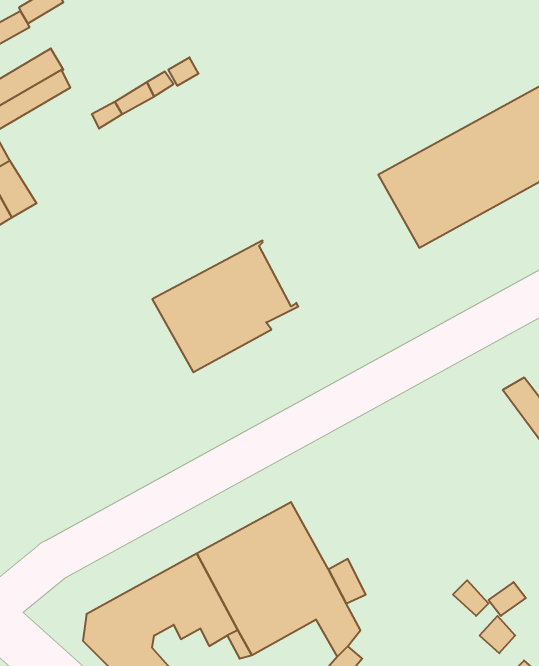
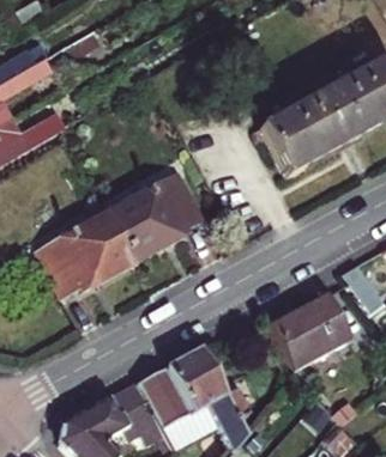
building: none -> [36,209,137,294]
building: none -> [272,292,354,367]

